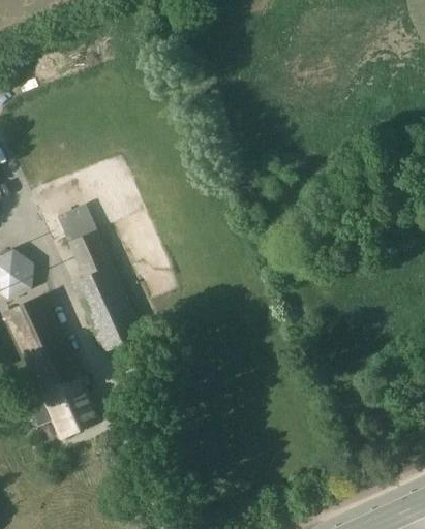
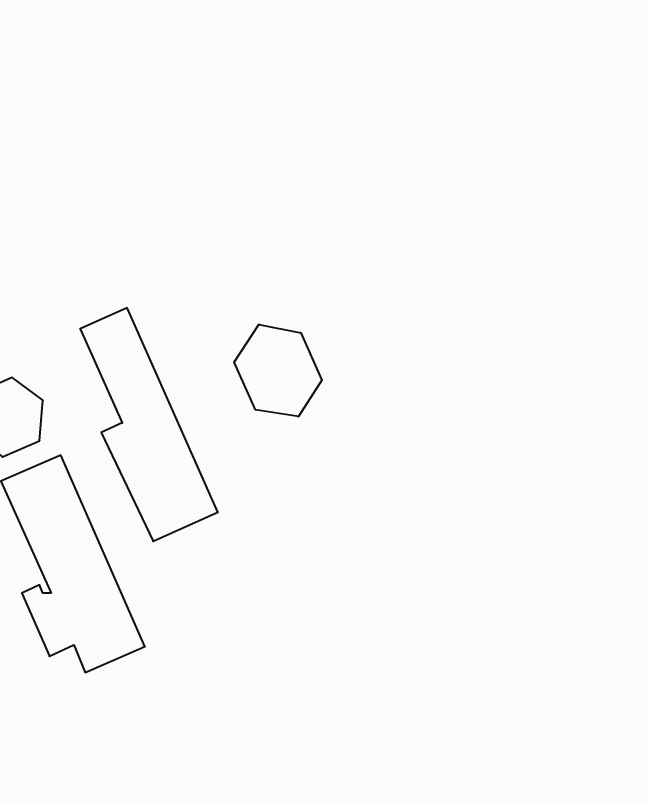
building: none -> [234,324,322,417]

